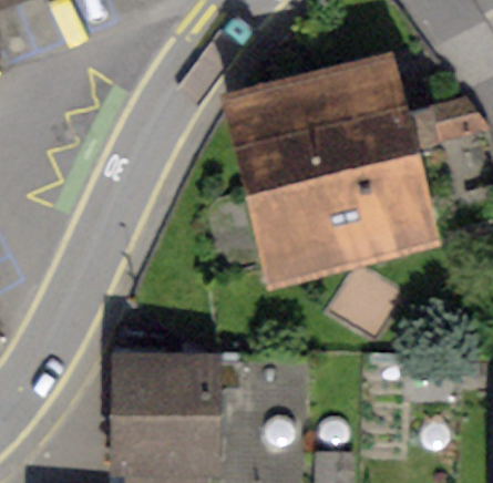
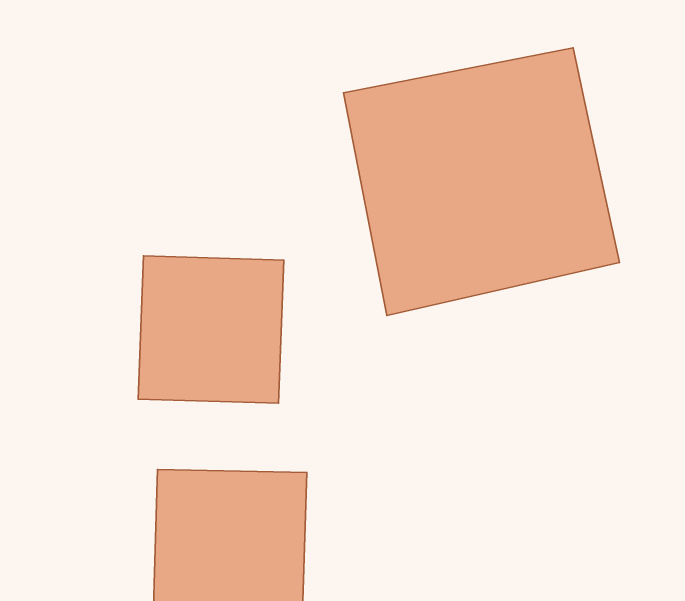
building: none -> [138,256,284,403]

